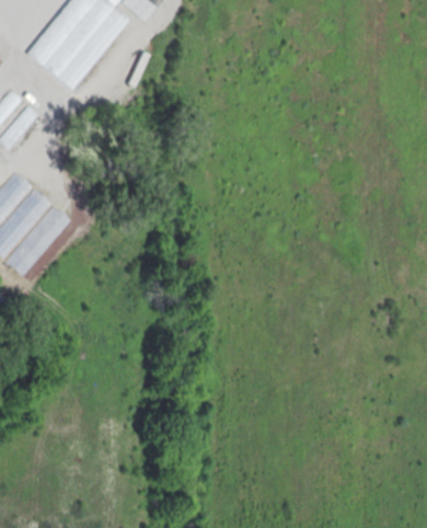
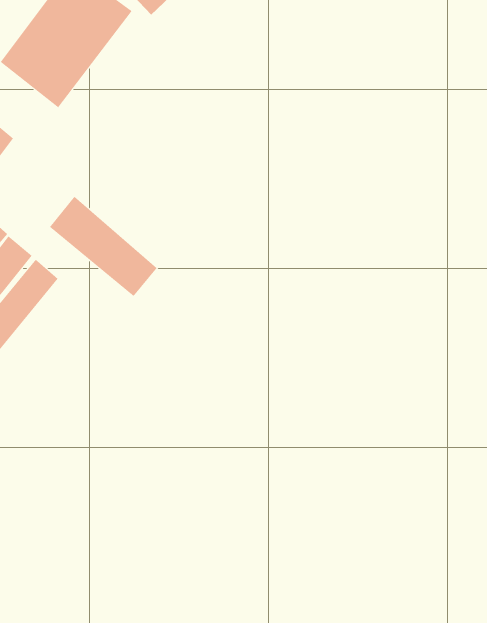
building: none -> [49,196,157,297]

